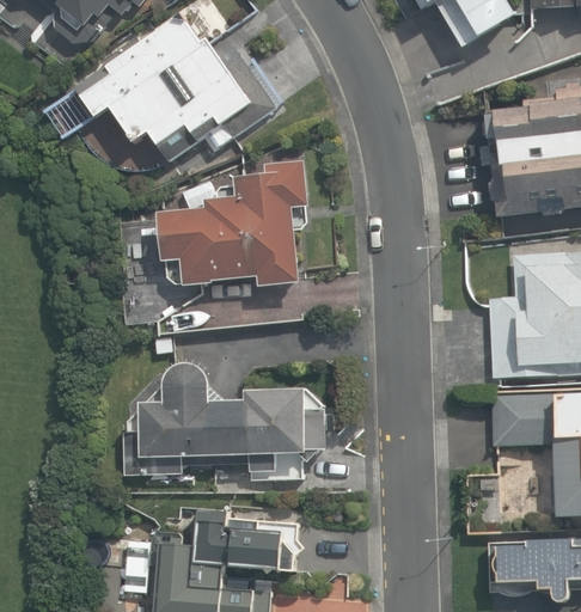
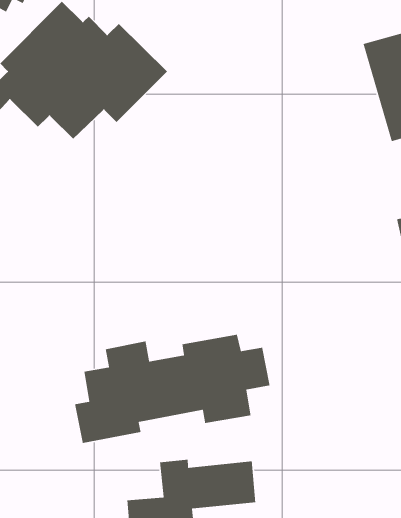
building: [158,158,310,286] -> none

